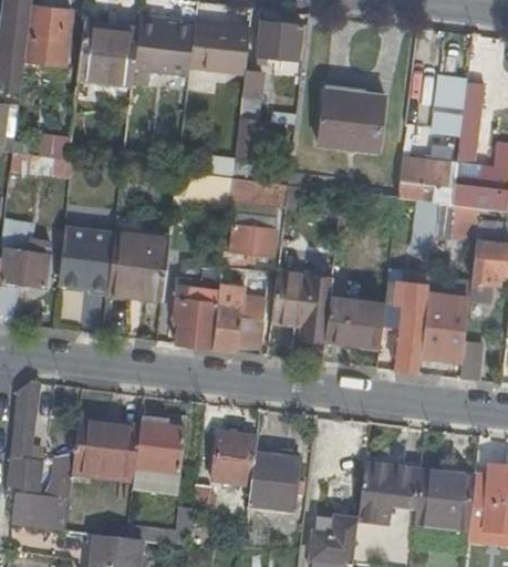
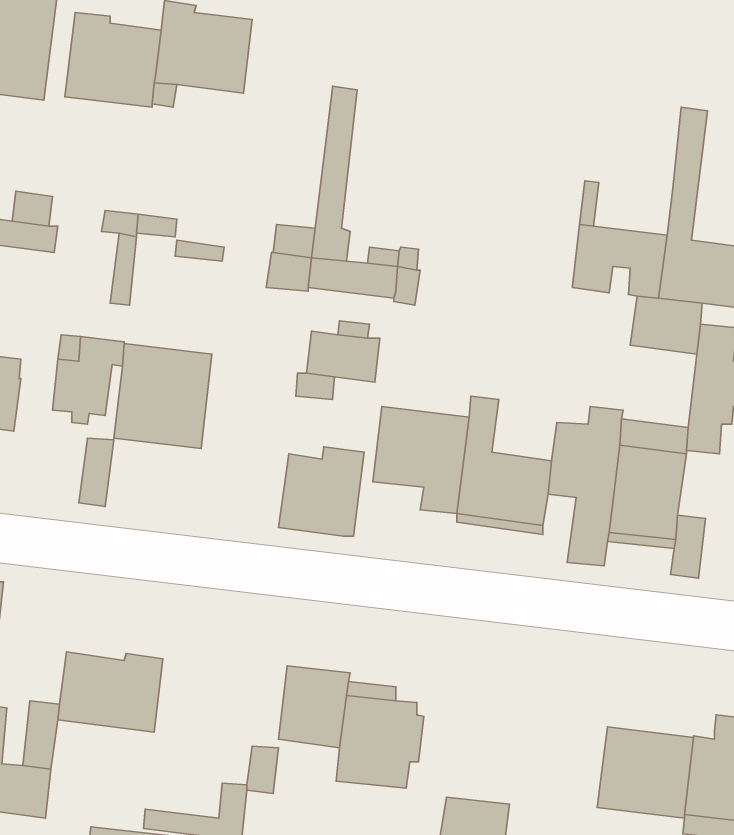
building: [190,21,250,70] -> none
building: [256,21,302,59] -> none
building: [433,75,467,135] -> none
building: [318,86,384,150] -> none
building: [170,284,219,348] -> none
building: [132,417,185,494] -> none
building: [359,466,419,525] -> none

